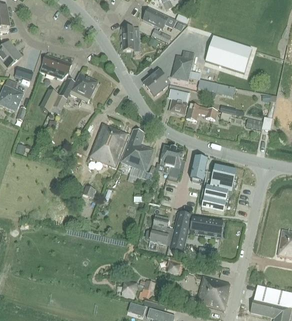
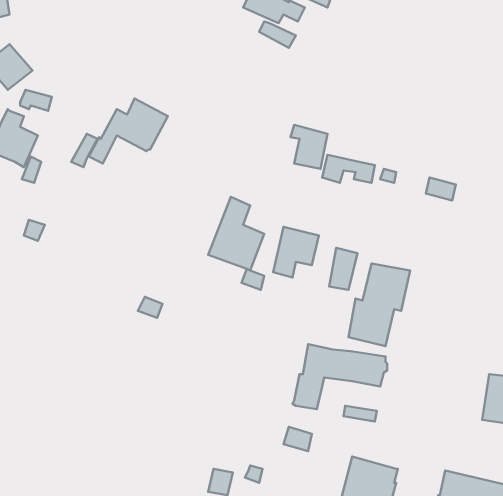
building: [120,25,139,52] -> none
building: [204,36,250,72] -> none
building: [171,50,216,92] -> none
building: [39,54,71,78] -> none
building: [141,69,169,96] -> none
building: [90,124,129,167] -> none
building: [146,215,173,244] -> none

